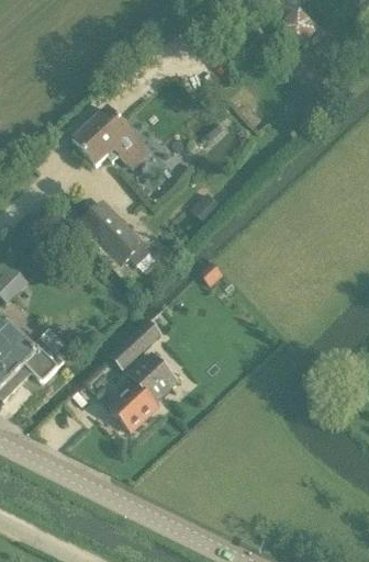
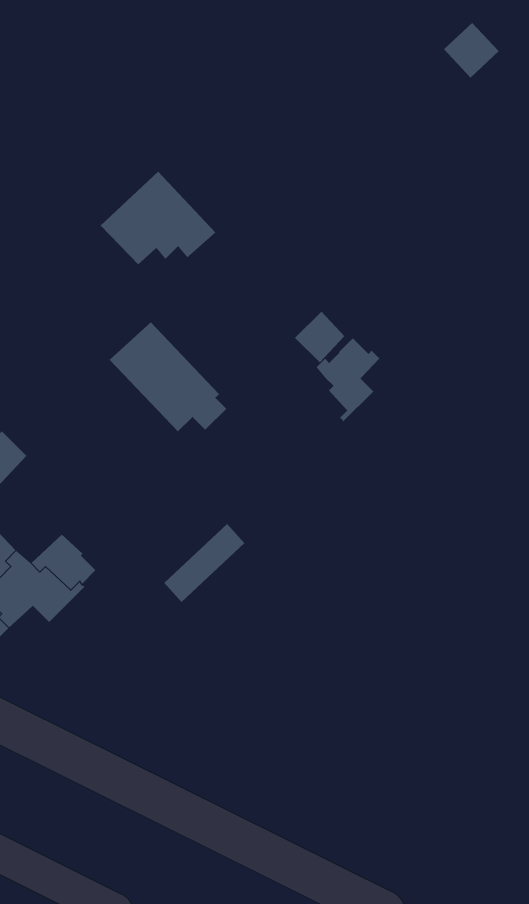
building: none -> [316,337,380,422]
building: [109,351,172,429] -> none

